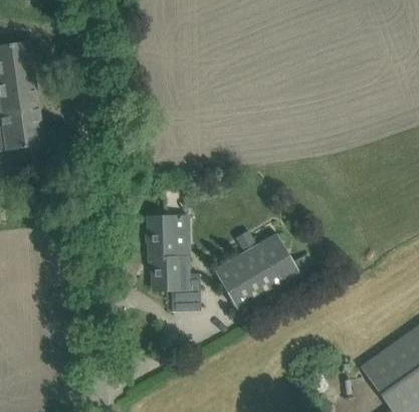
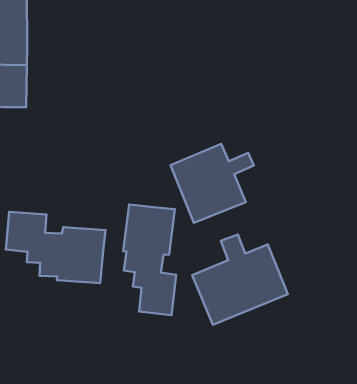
building: none -> [170,144,254,223]
building: none -> [6,212,105,283]

